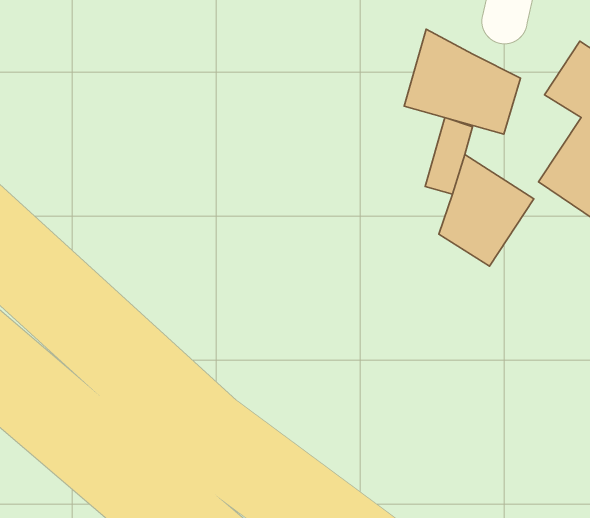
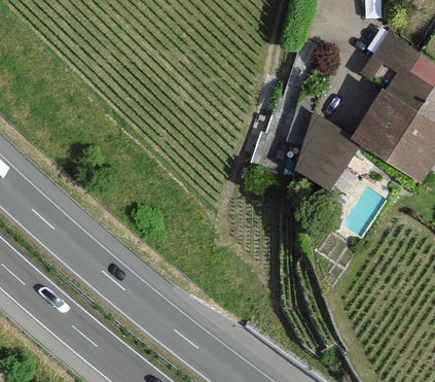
building: [404,29,521,134] -> none

